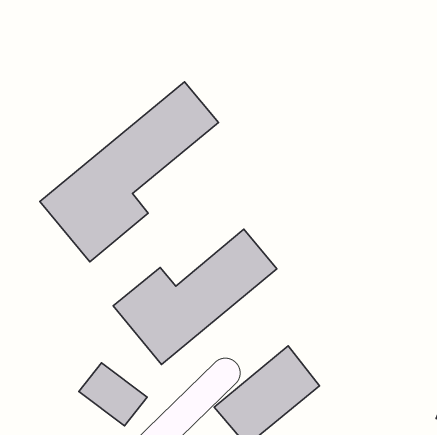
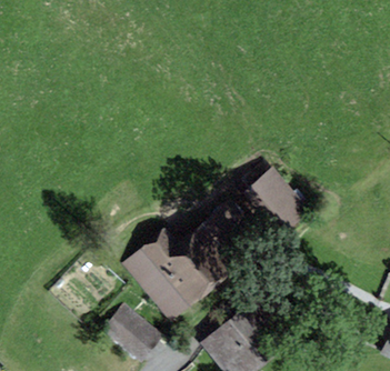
building: [40,82,219,262] -> none
building: none -> [246,171,307,234]

